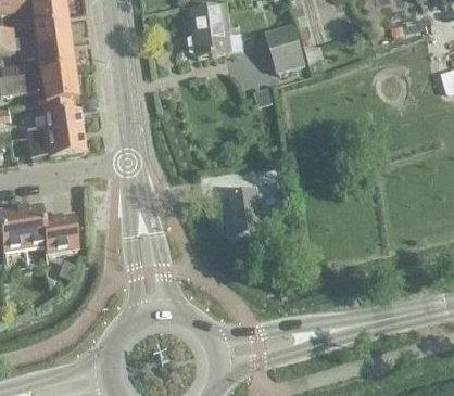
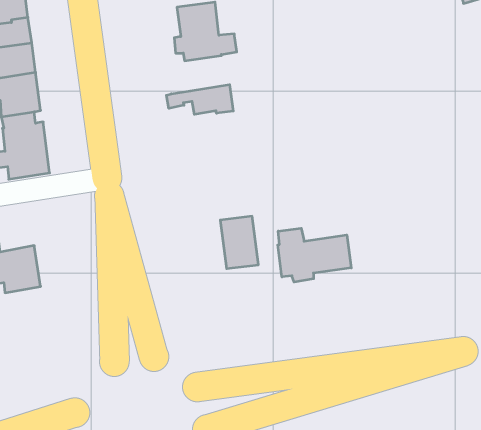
building: [268,28,305,71] -> none
building: none -> [166,85,233,114]
building: none -> [278,228,351,282]

